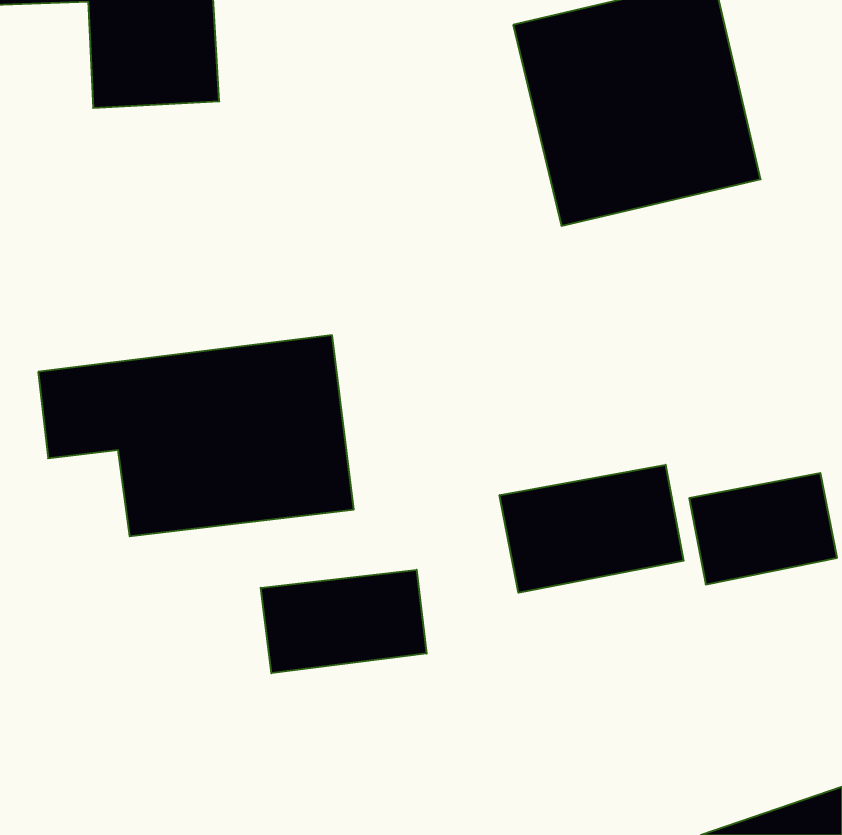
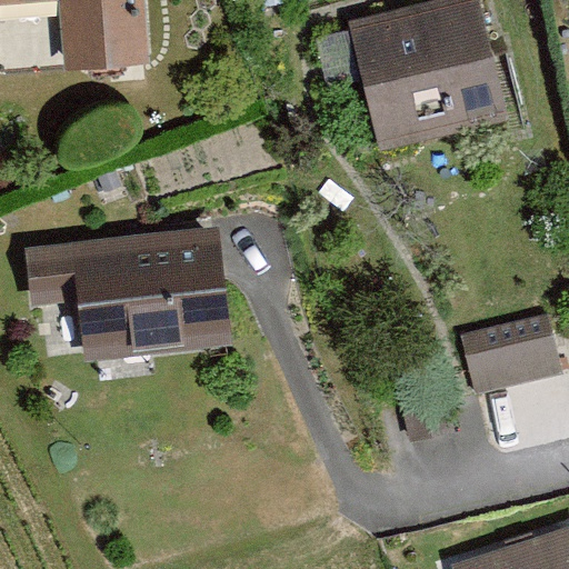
building: [500,465,684,593] -> none
building: [261,570,427,673] -> none

